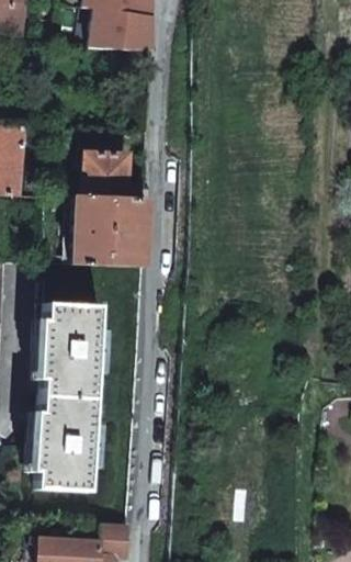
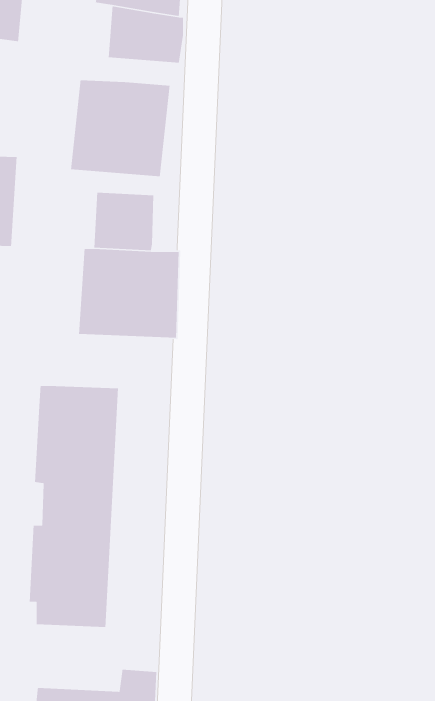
building: none -> [70,79,171,177]

